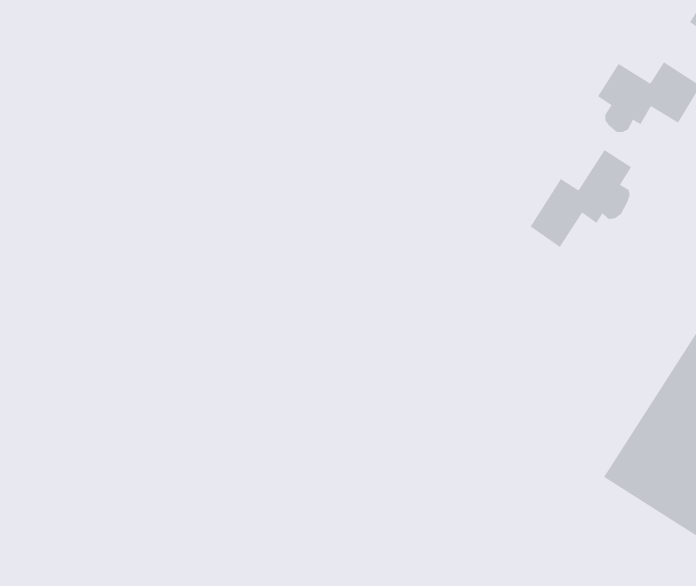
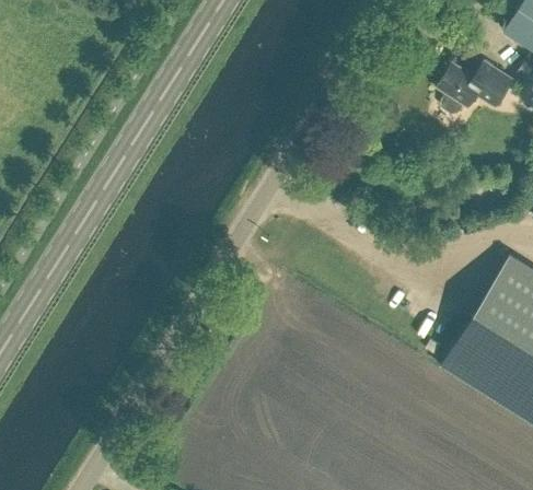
building: [530,149,632,248] -> none

